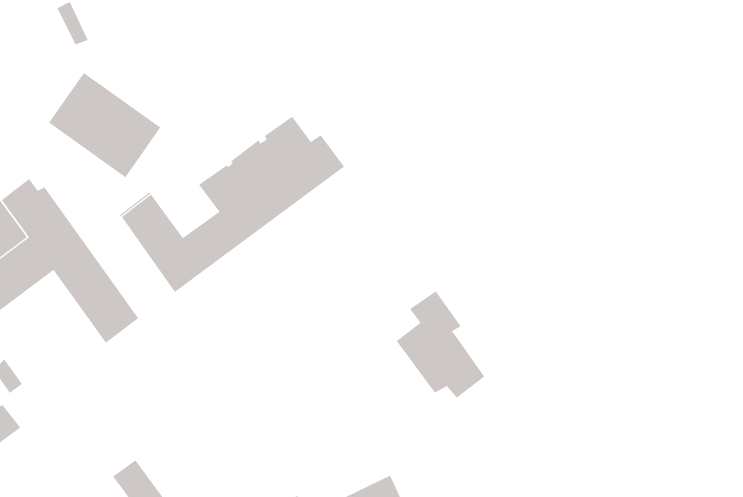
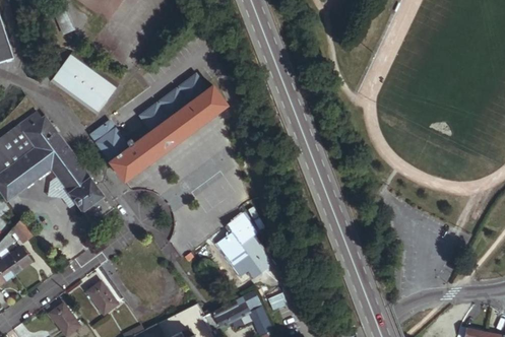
building: [396,291,485,399] -> [216,214,270,279]

